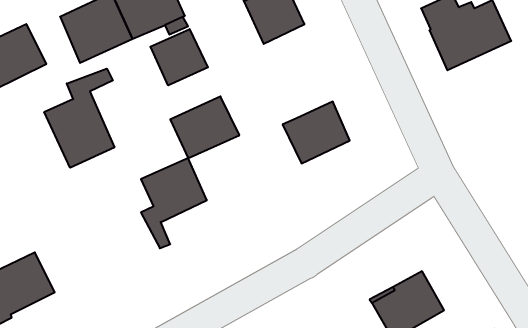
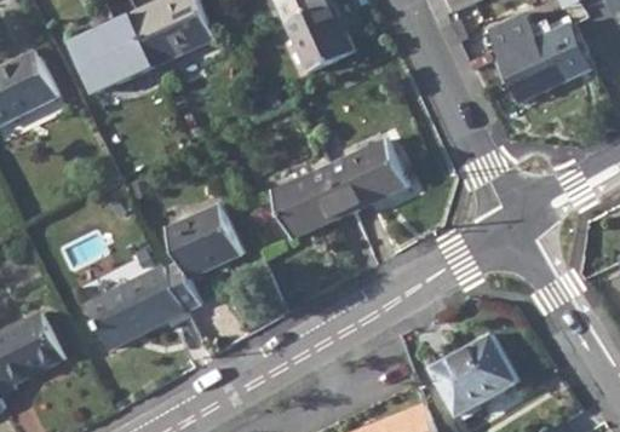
building: [150,29,208,85] -> none
building: [44,69,114,168] -> none
building: [170,96,239,158] -> [270,166,350,237]
building: none -> [88,264,189,349]

